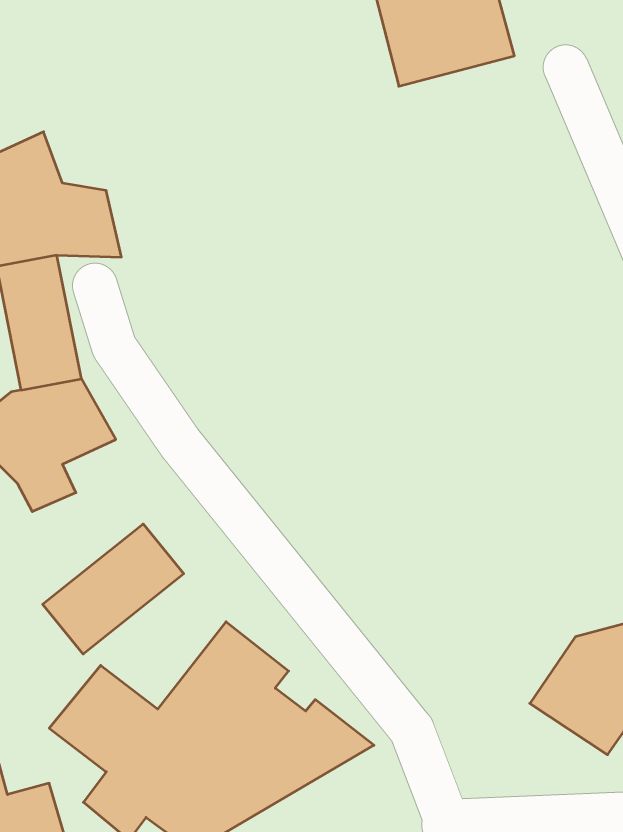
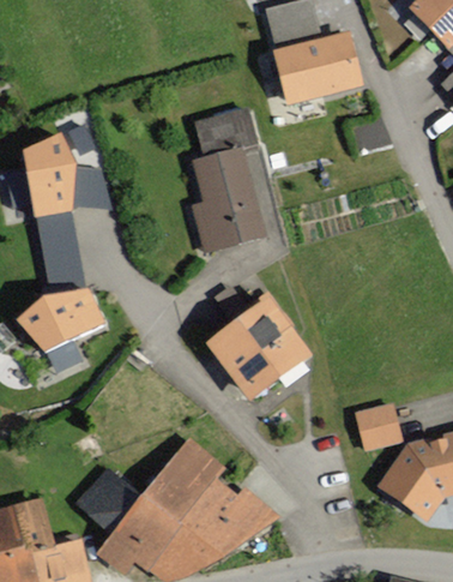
building: none -> [189,108,285,266]
building: none -> [201,294,303,400]
building: [43,524,184,654] -> none
building: none -> [354,406,401,454]

